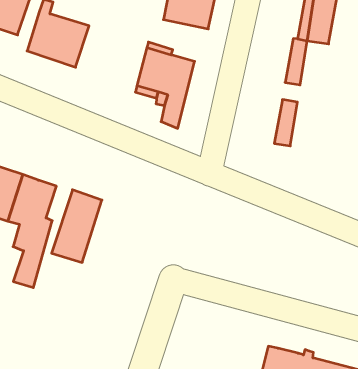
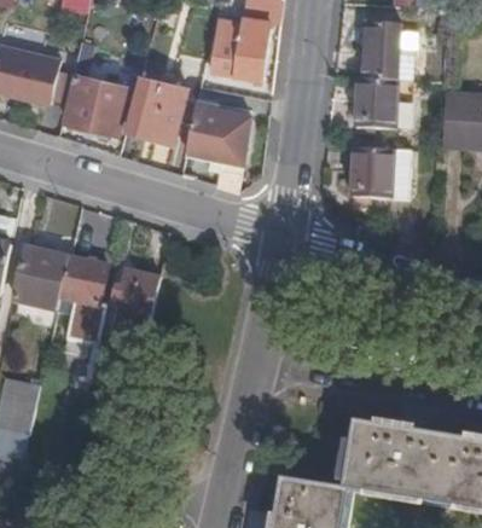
building: none -> [126,74,186,138]
building: none -> [368,80,396,132]
building: none -> [364,149,391,201]

